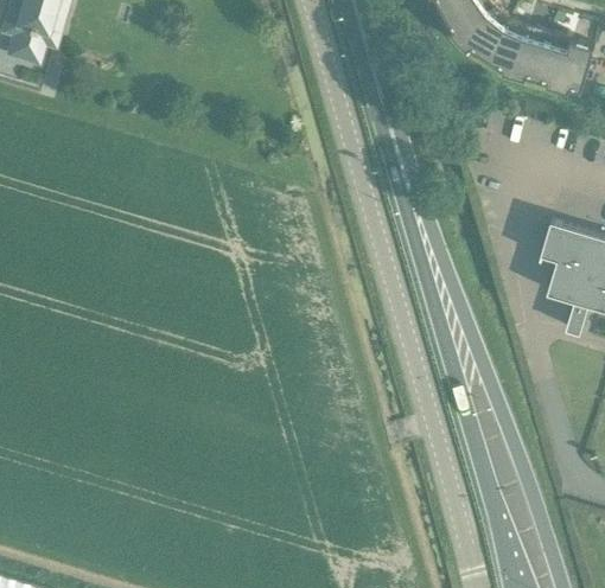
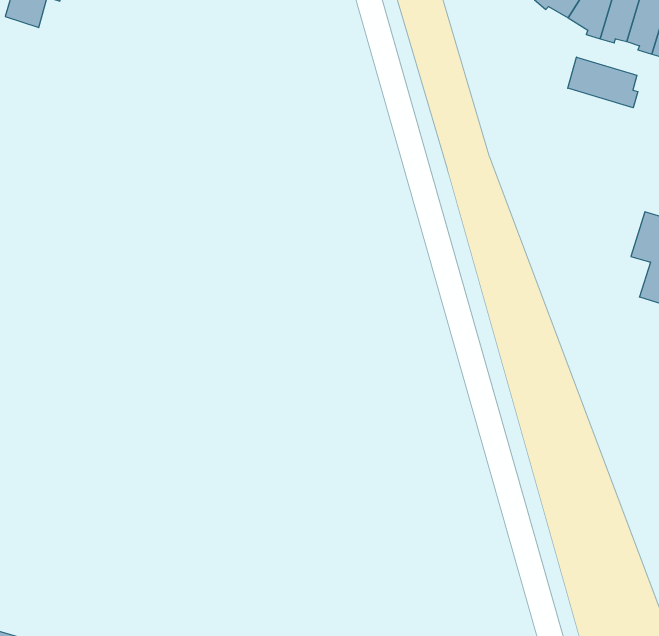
building: none -> [568,57,638,108]

